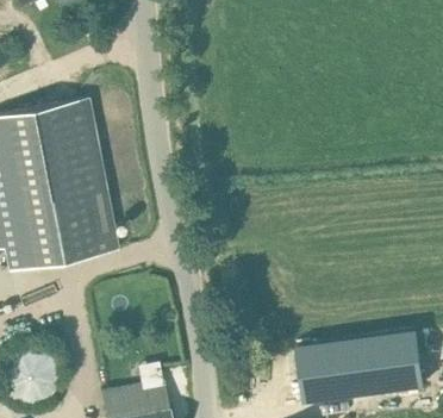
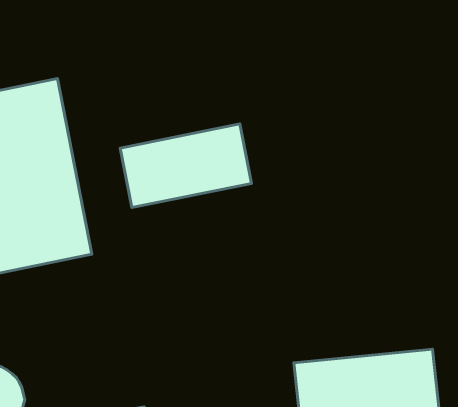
building: none -> [120,124,251,208]

